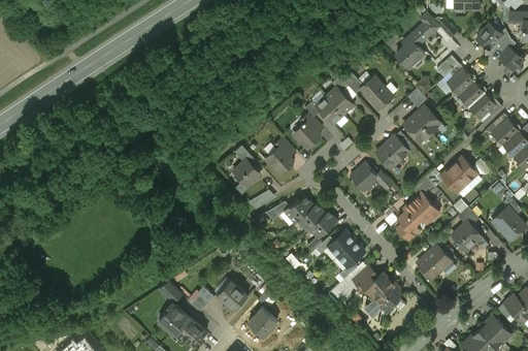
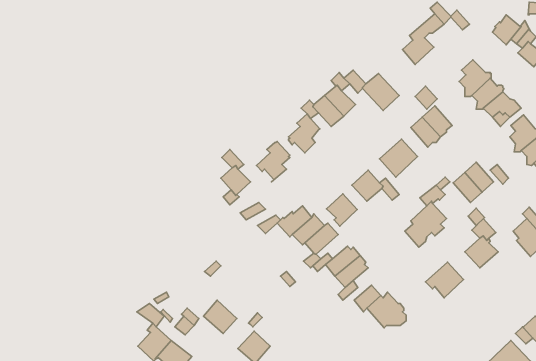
building: none -> [326,194,357,226]

